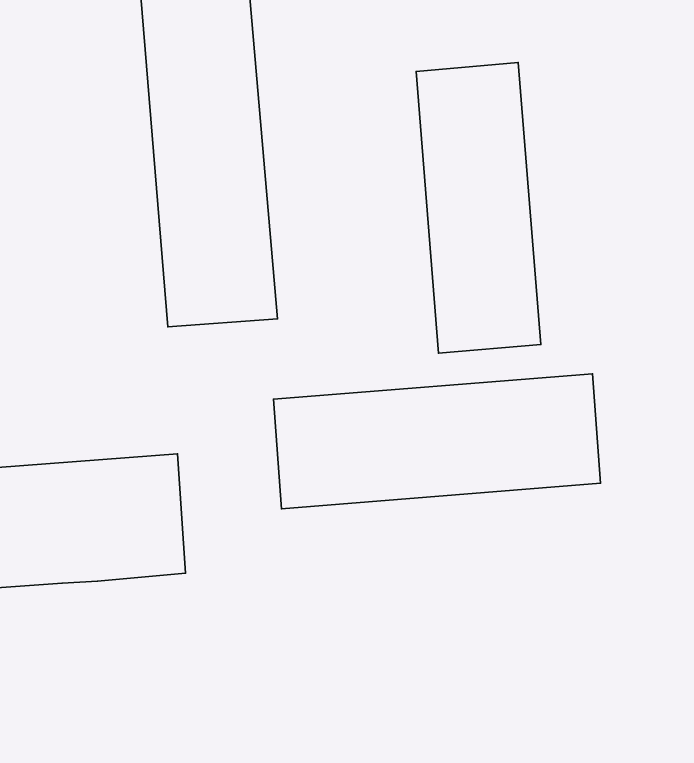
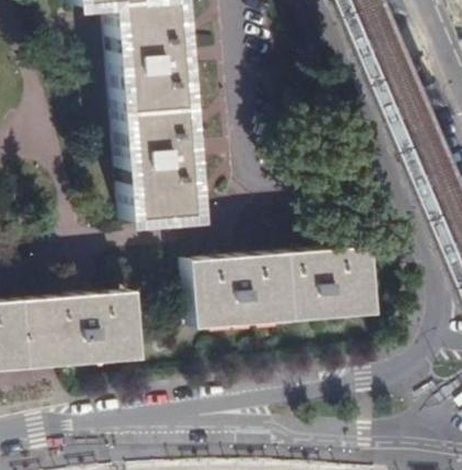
building: [416,62,541,353] -> none

